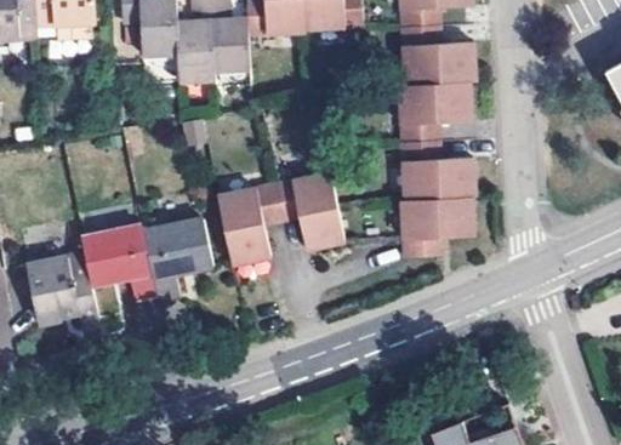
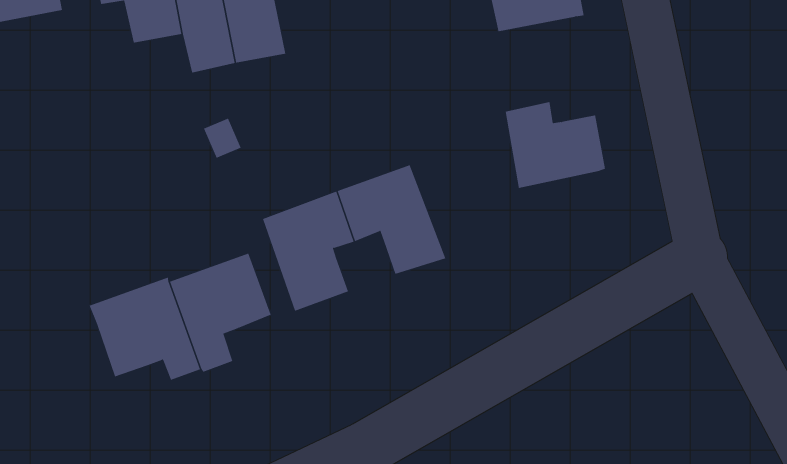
building: [399,84,467,144] -> none
building: [401,198,466,257] -> none
building: [25,253,98,323] -> none

